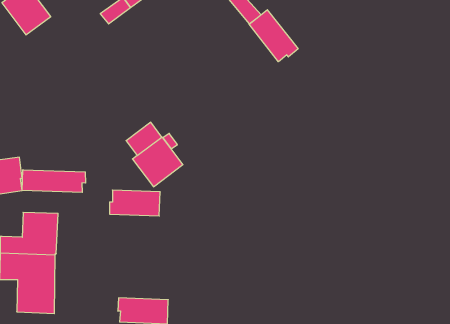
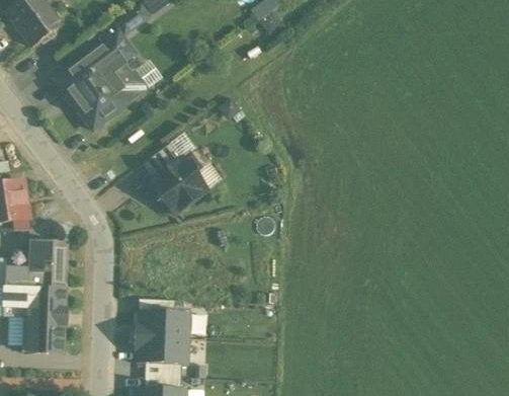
building: [249,10,298,62] -> none
building: none -> [56,35,147,128]
building: [22,170,85,192] -> none
building: [110,190,160,216] -> [136,309,191,337]

